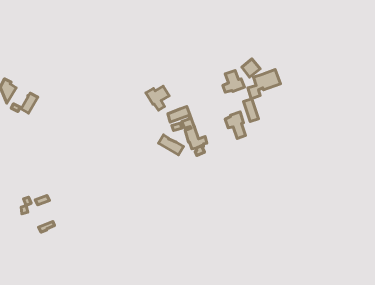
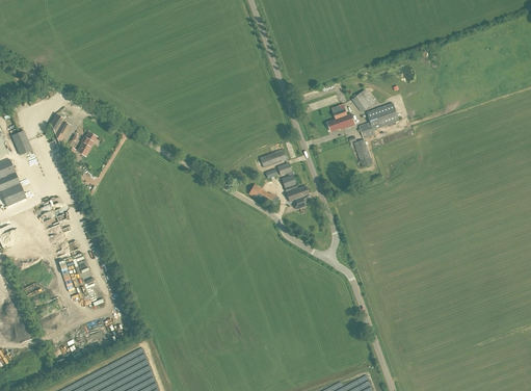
building: [146,86,169,110] -> none
building: [225,112,245,139] -> none

